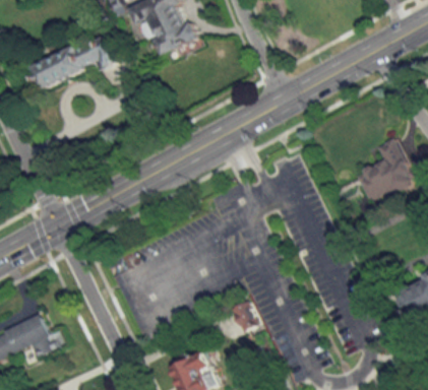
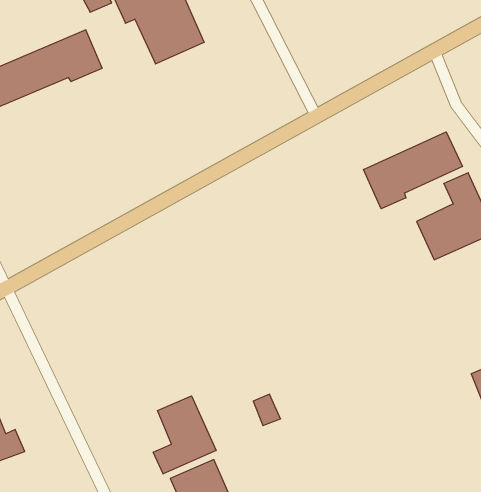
building: none -> [364,132,462,209]
building: none -> [153,396,216,474]

